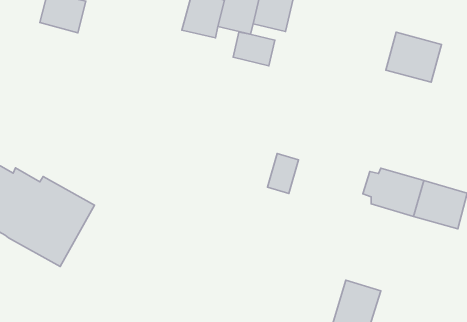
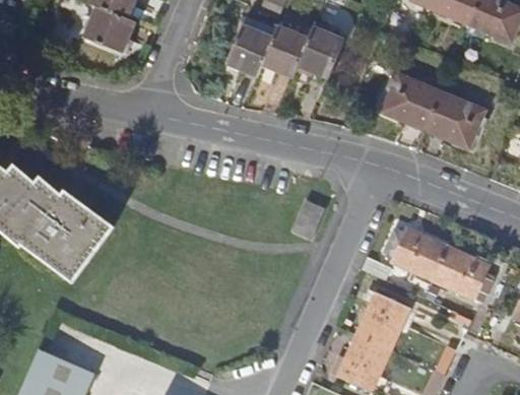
building: none -> [380,74,440,129]
building: [233,32,275,66] -> none
building: none -> [356,293,407,349]

